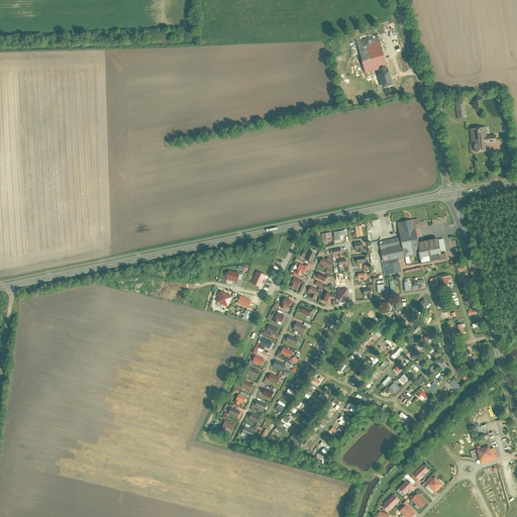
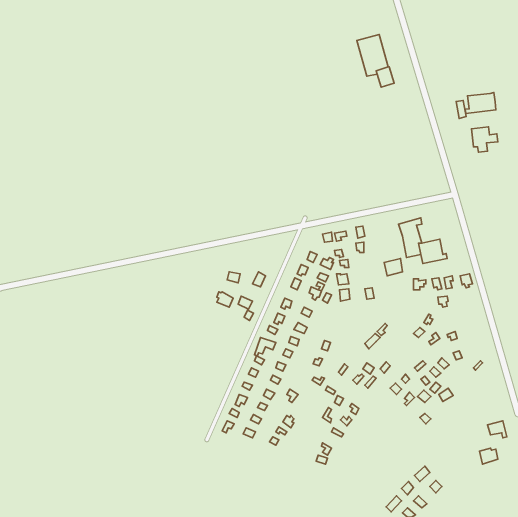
building: none -> [465,92,496,113]
building: [379,235,405,262] -> none

